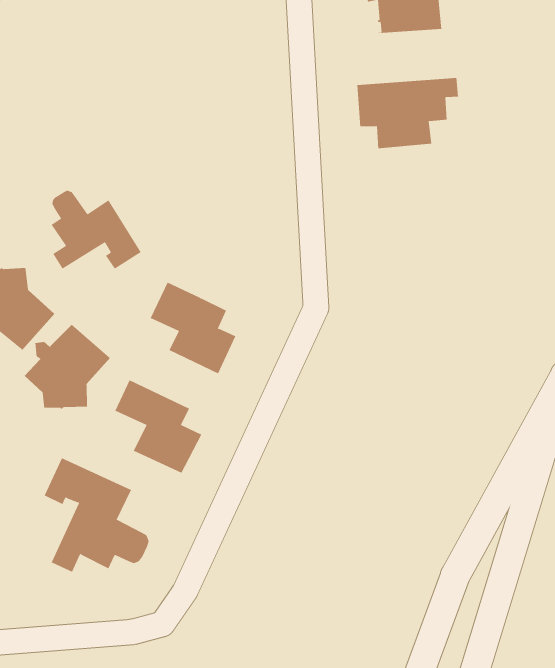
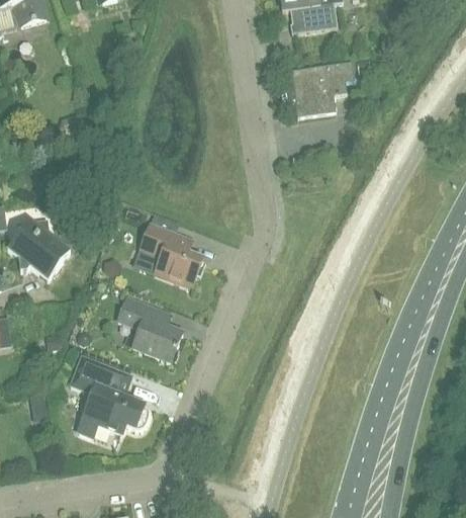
building: [51,190,142,270] -> none
building: [24,324,111,410] -> none

